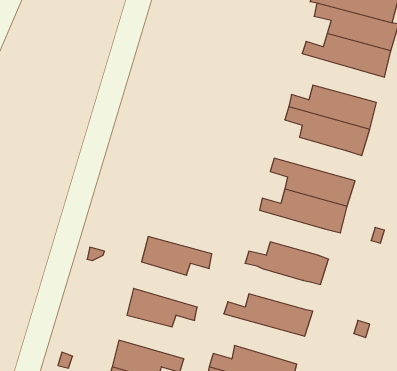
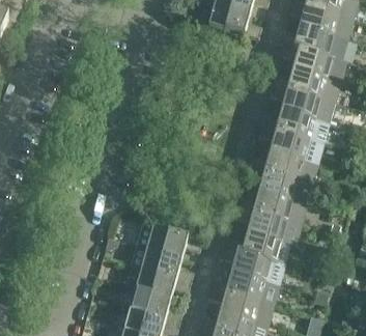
building: none -> [271,77,337,115]
building: none -> [251,142,319,176]
building: none -> [236,199,303,239]
building: none -> [133,237,194,275]
building: none -> [220,240,287,278]
building: none -> [209,280,275,319]
building: none -> [130,281,184,315]

